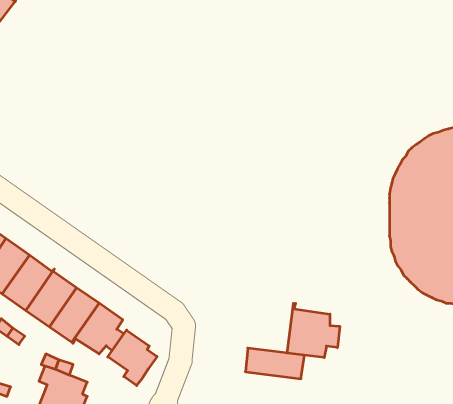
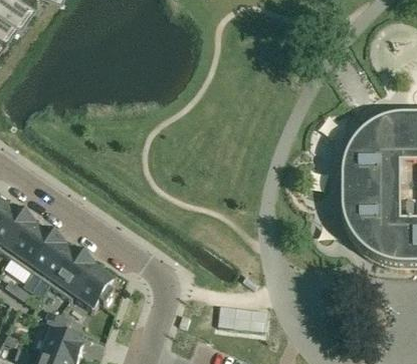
building: [287,303,340,358] -> none
building: [108,330,157,386] -> none

